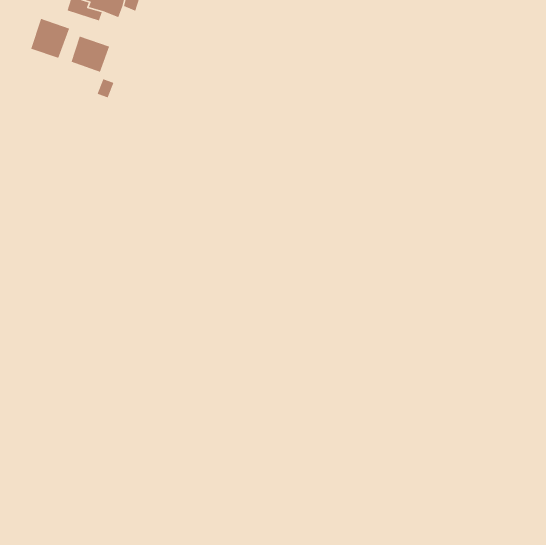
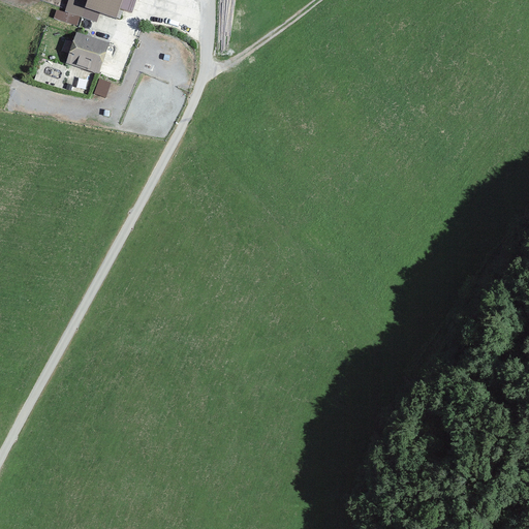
building: [30,18,70,59] -> none

